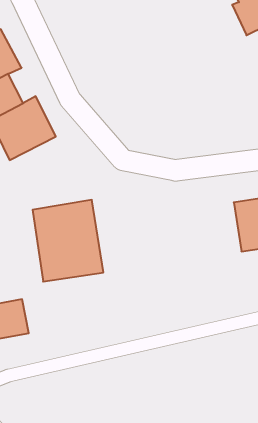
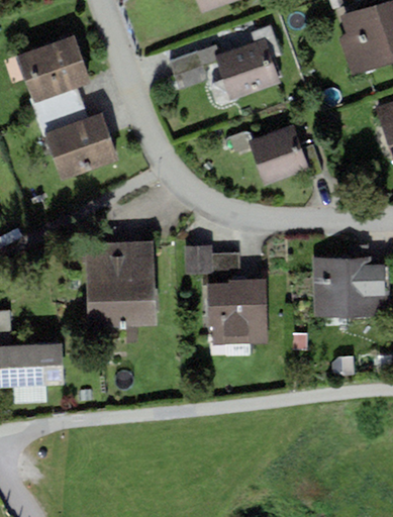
building: none -> [219,49,281,103]
building: none -> [255,131,312,186]
building: none -> [184,245,238,276]
building: none -> [208,280,266,344]

